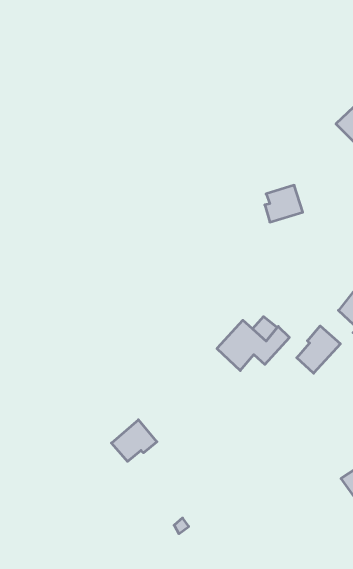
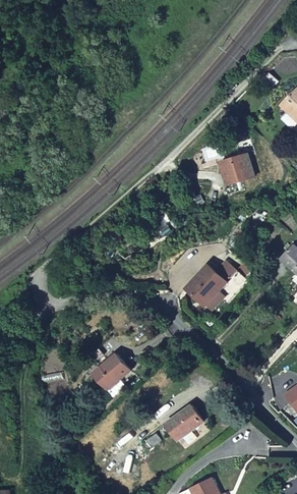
building: [297,326,340,373] -> none
building: none -> [167,403,202,439]

